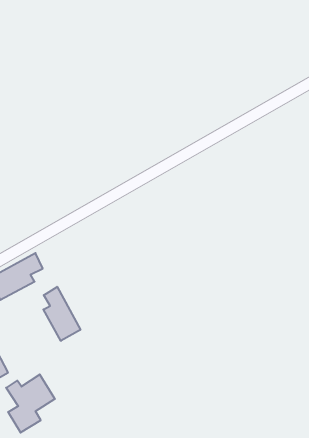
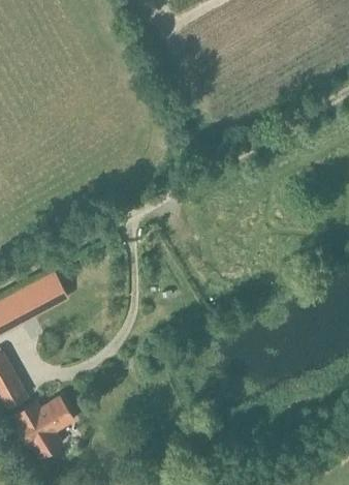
building: [43,287,80,341] -> none

